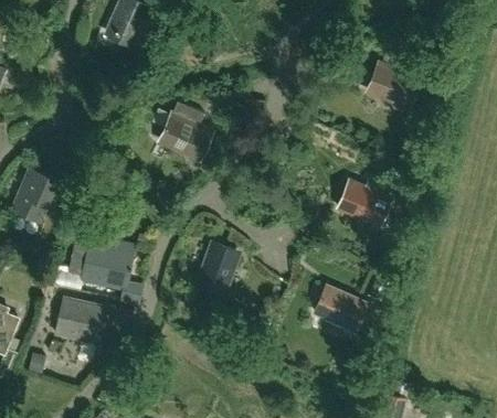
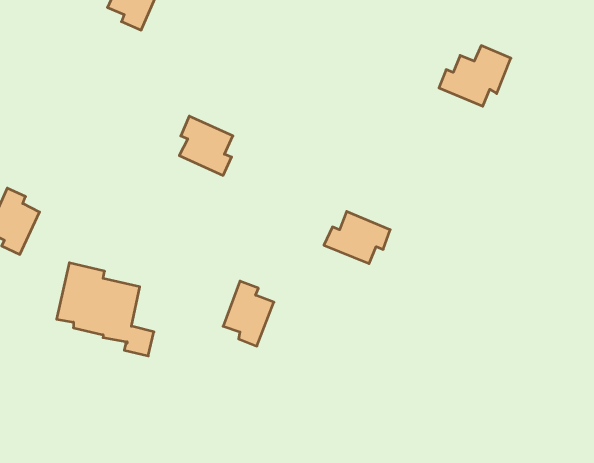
building: [337,183,389,224] -> [324,211,390,264]
building: [314,288,366,329] -> none
building: [54,301,106,340] -> none

